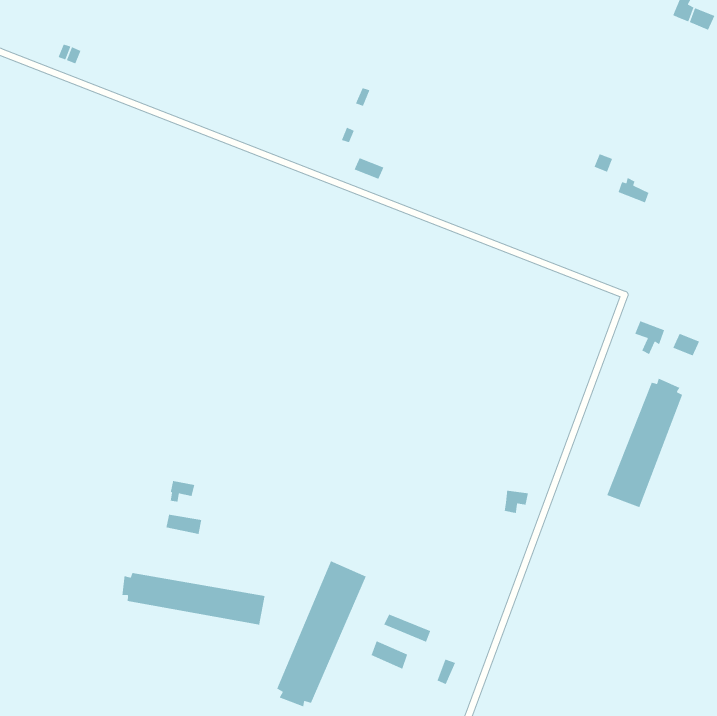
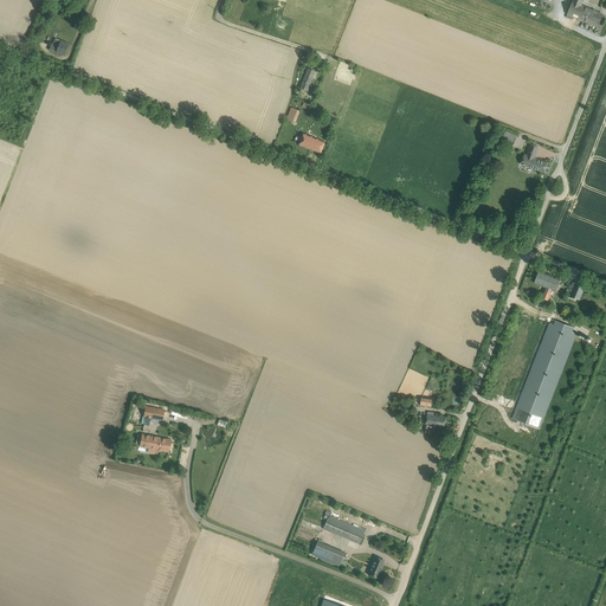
building: [276,560,367,707] -> none
building: [121,572,266,626] -> none

